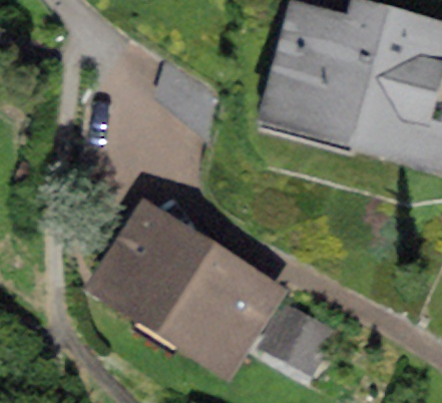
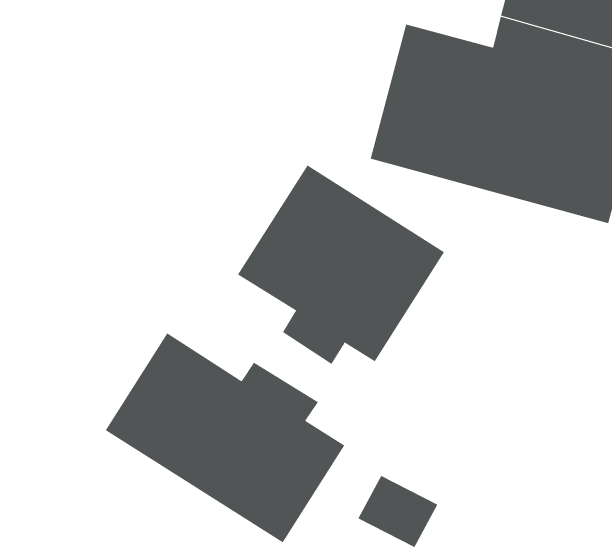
building: none -> [237,164,445,365]

